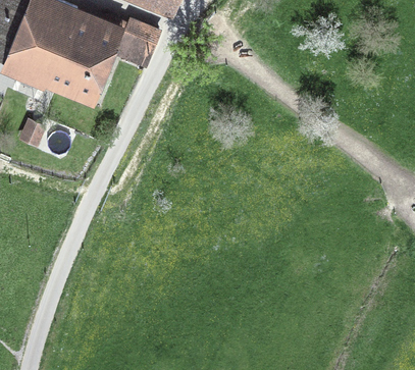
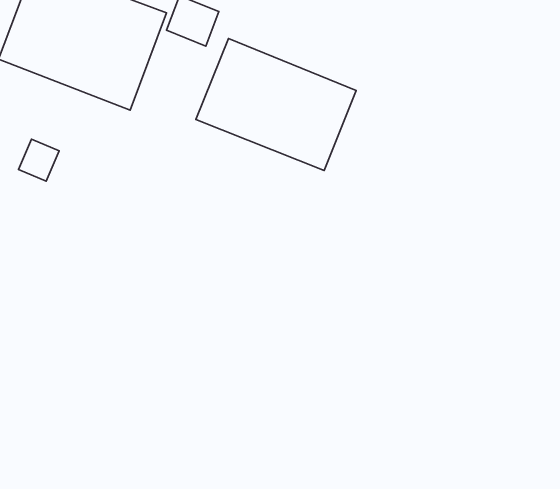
building: none -> [196,38,356,170]

